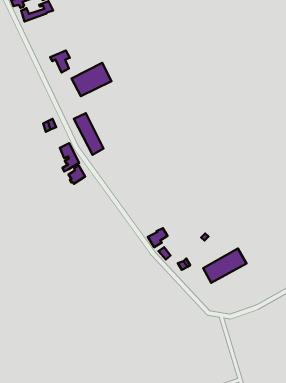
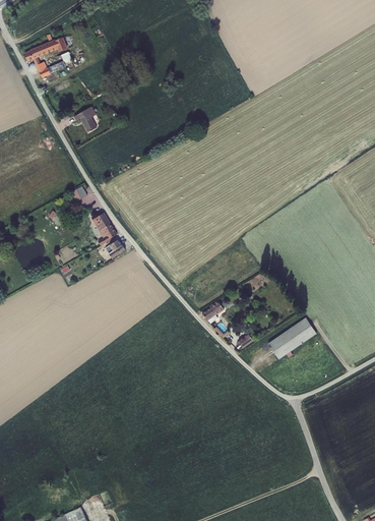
building: [71,63,111,96] -> none
building: [74,113,104,155] -> none

